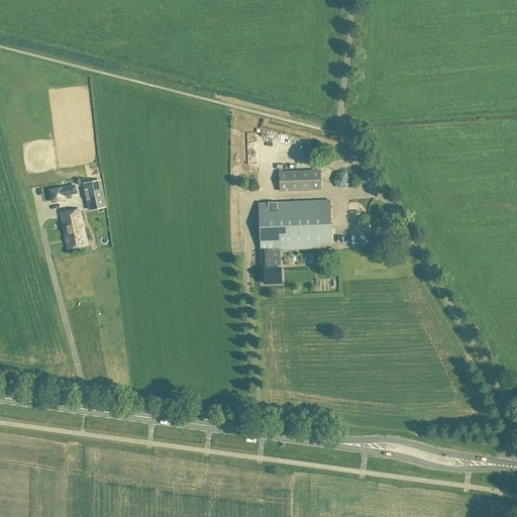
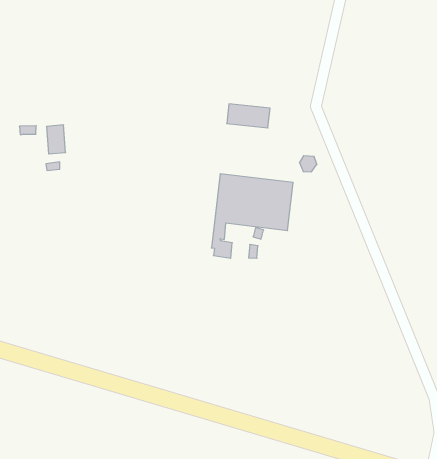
building: [279,169,320,190] -> [227,104,270,128]
building: [60,208,86,247] -> none

